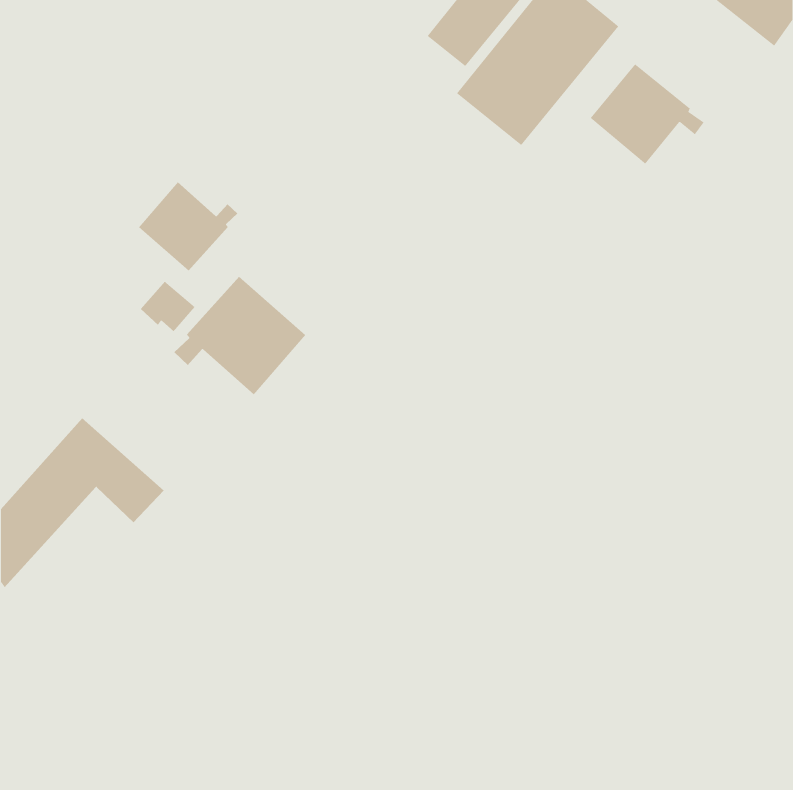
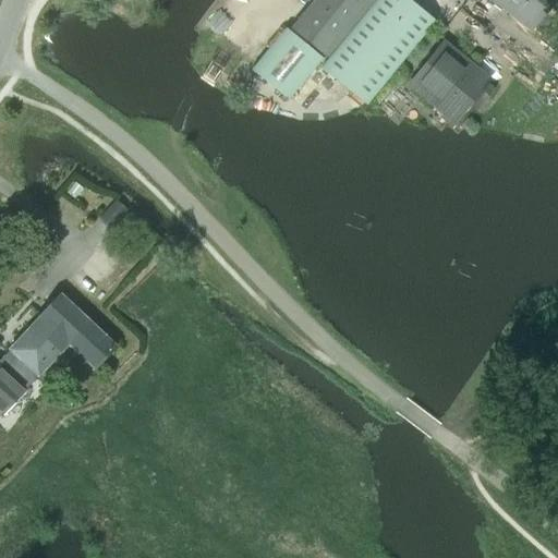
building: none -> [251,25,323,98]
building: [138,182,238,272] -> none
building: [174,276,306,395] -> none

